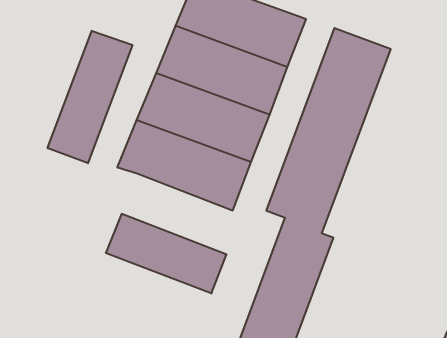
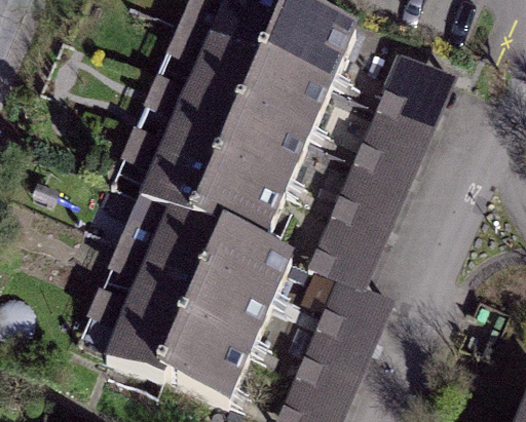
building: [48,31,132,163] -> none
building: none -> [142,220,283,314]
building: none -> [106,312,247,406]

